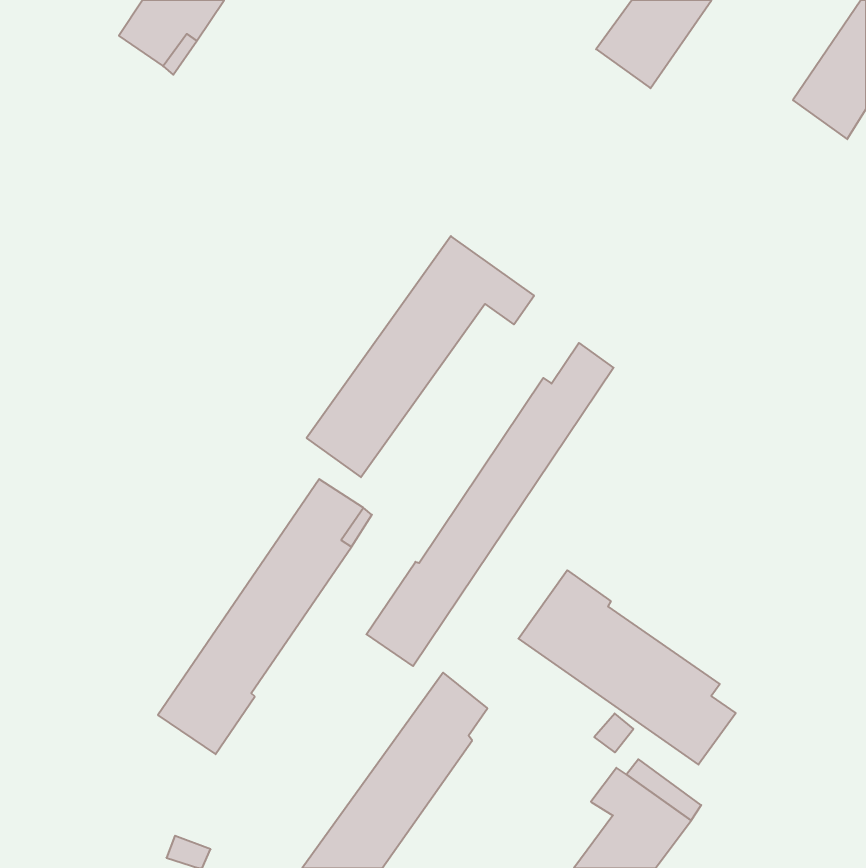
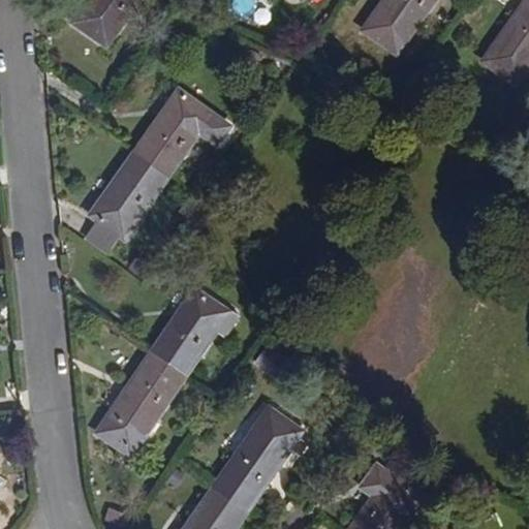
building: [307,236,534,477] -> [89,92,227,239]
building: [366,343,614,666] -> none
building: [518,570,736,765] -> none

